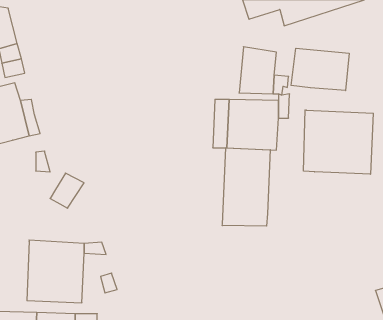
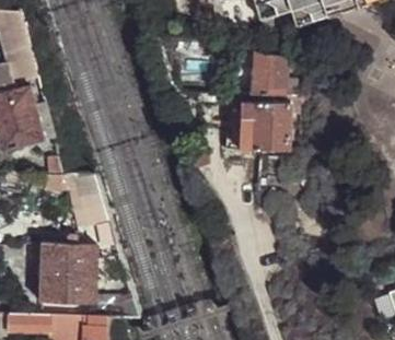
building: [291,48,349,91] -> none
building: [304,110,373,174] -> none
building: [222,148,270,226] -> none

